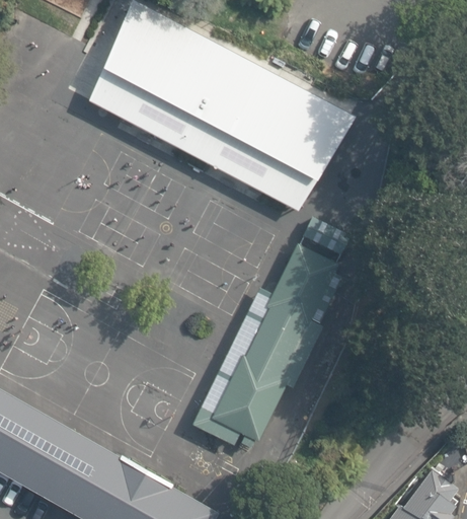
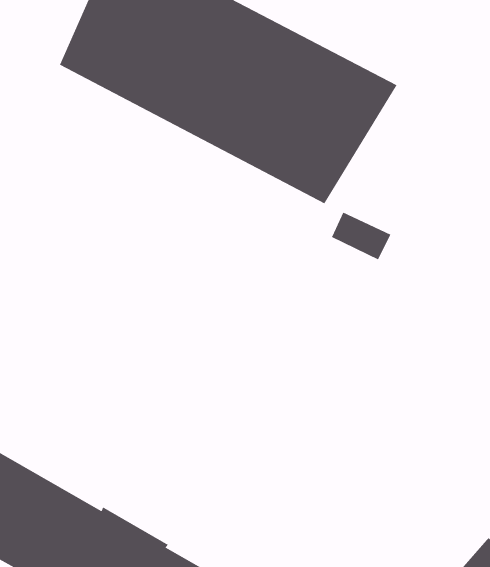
building: [191,245,337,449] -> none

